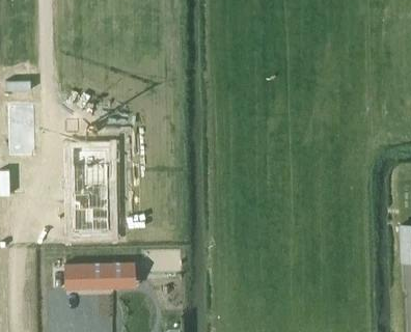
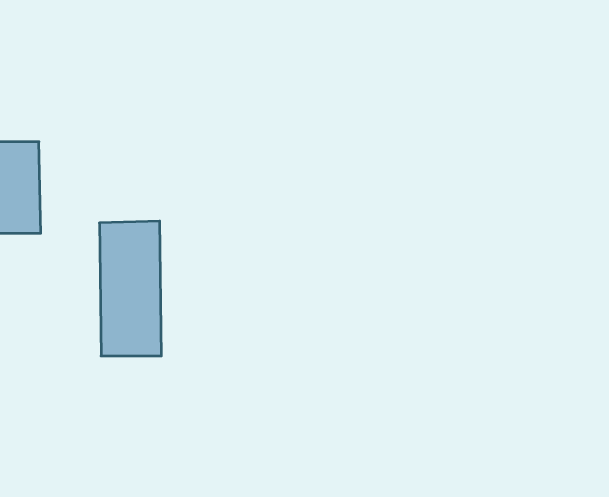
building: [64,261,134,289] -> none

